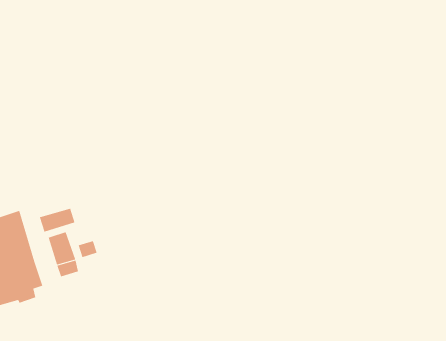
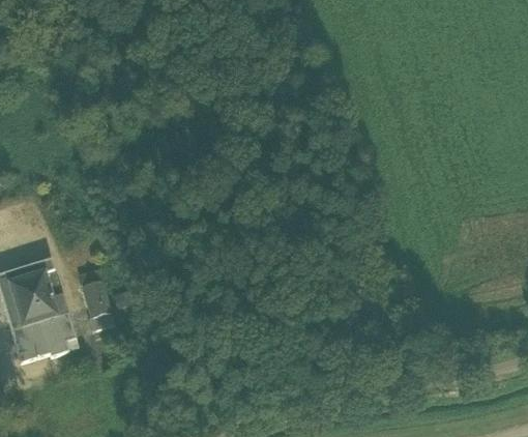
building: [39,208,75,232] -> none

